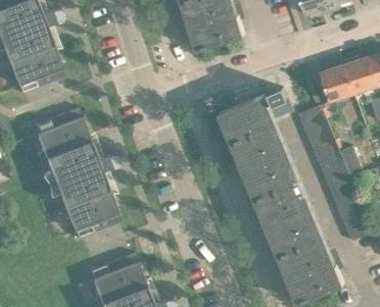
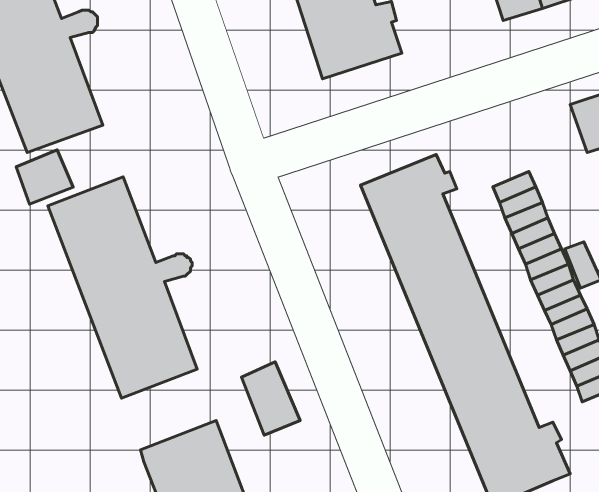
building: [320,64,354,101] -> none
building: none -> [16,150,73,204]
building: none -> [241,362,300,435]

